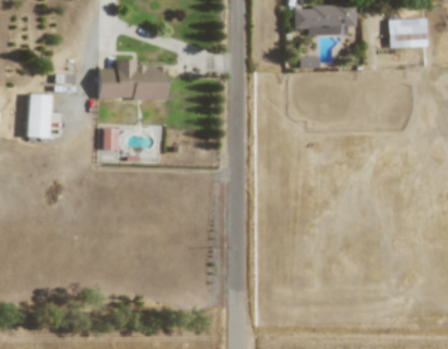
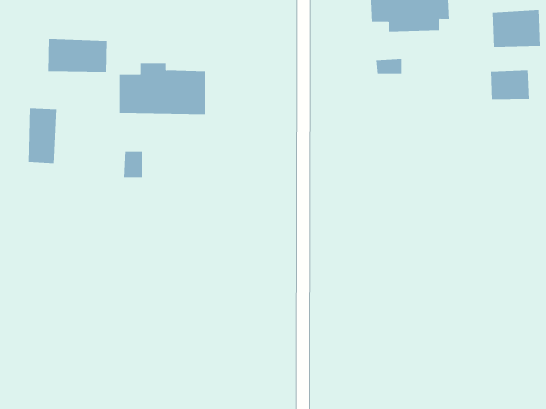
building: none -> [48,38,107,73]
building: none -> [490,69,529,100]

